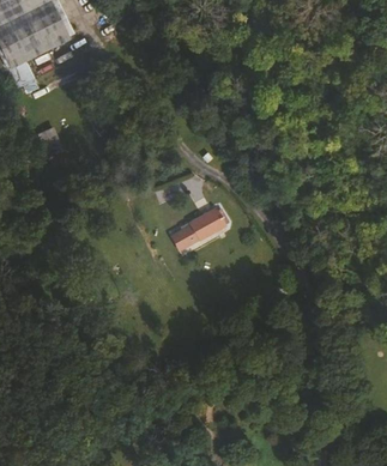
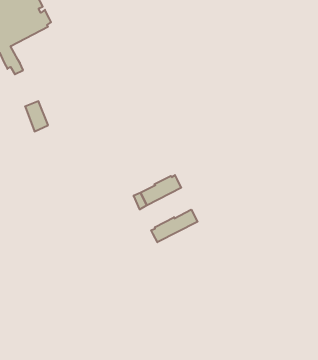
building: none -> [151,210,198,242]

